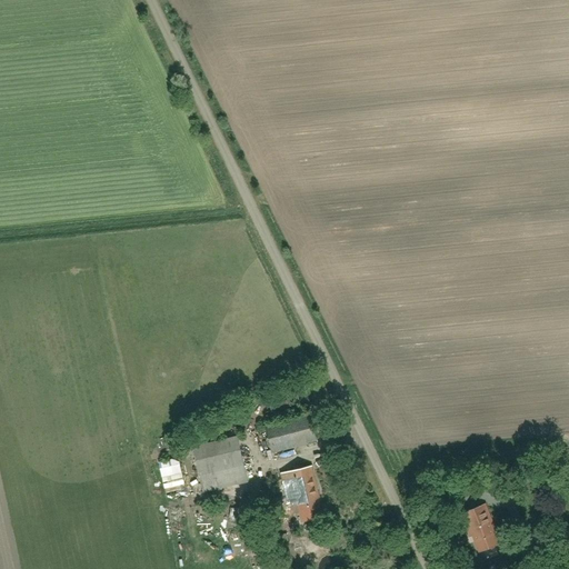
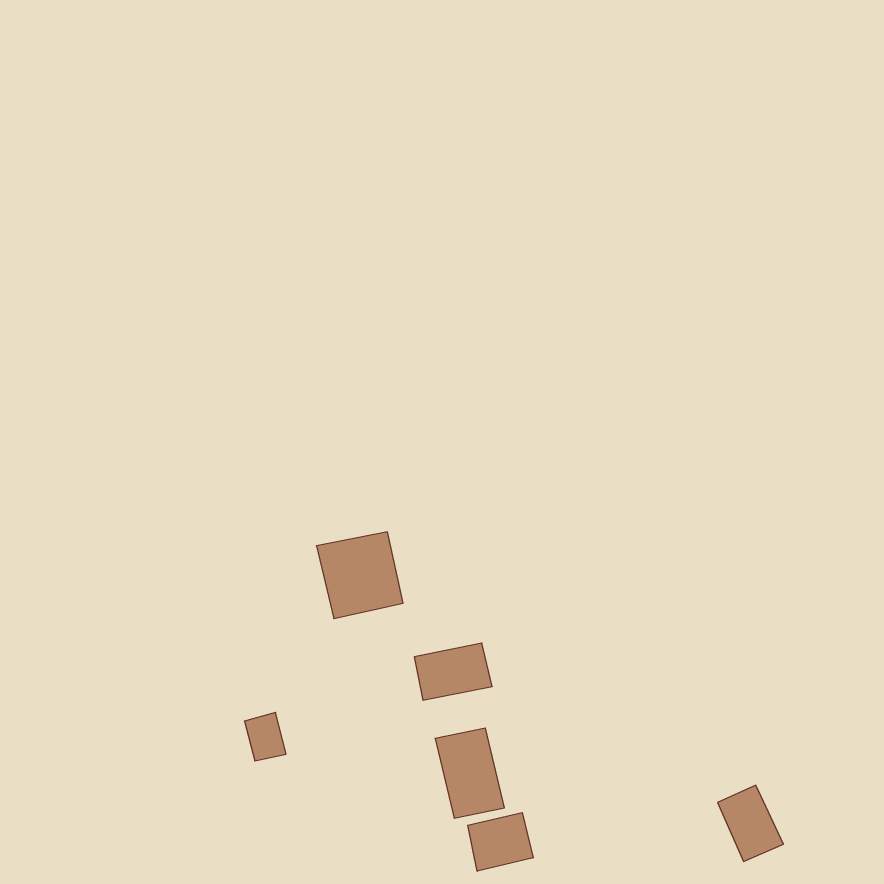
building: [192,436,248,491] -> [316,532,403,619]
building: none -> [468,813,533,871]

